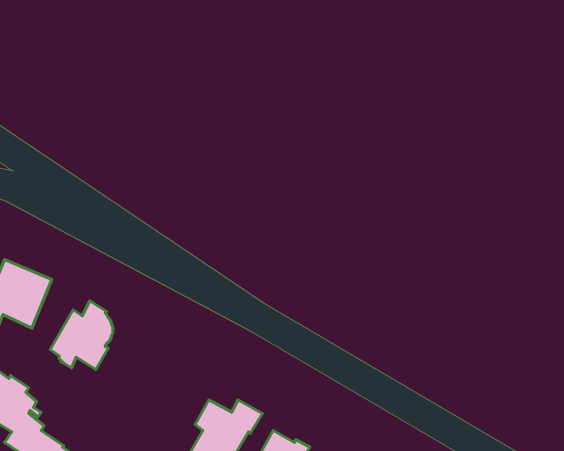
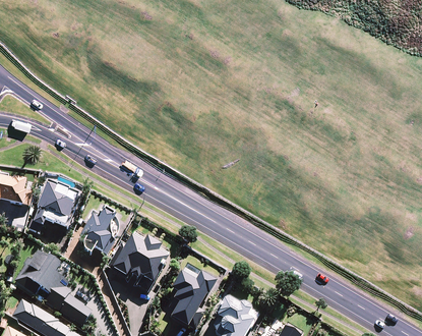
building: none -> [109,238,169,292]

